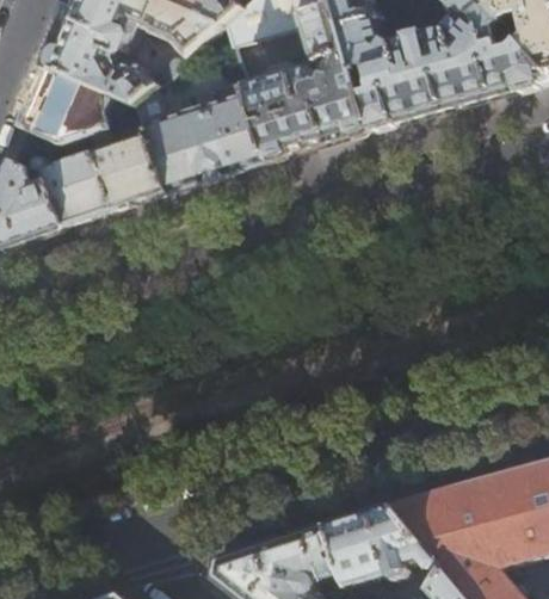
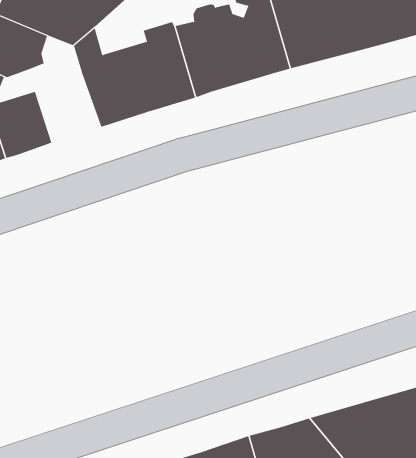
building: [84,123,162,209] -> none

